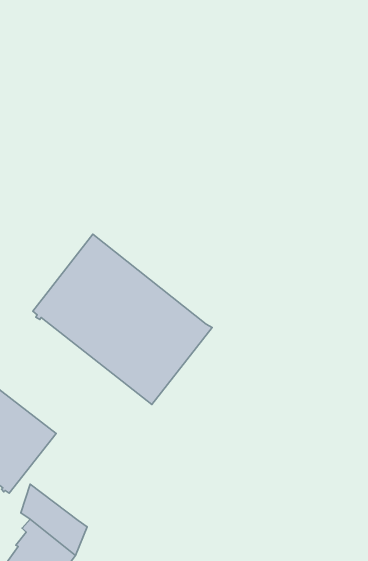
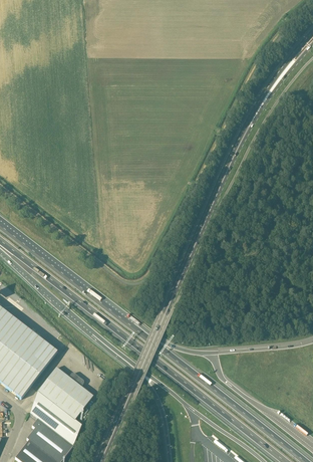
building: [33,234,212,404] -> none
building: none -> [37,367,93,419]

